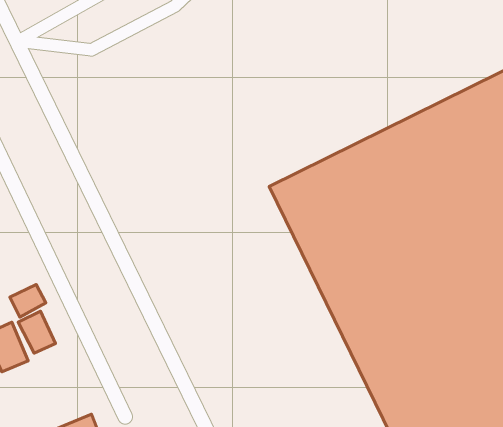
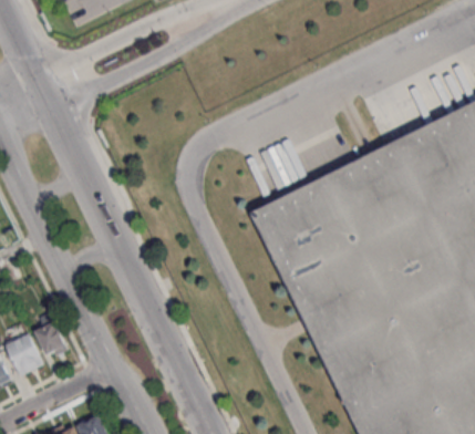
building: [10,284,46,317] -> none

